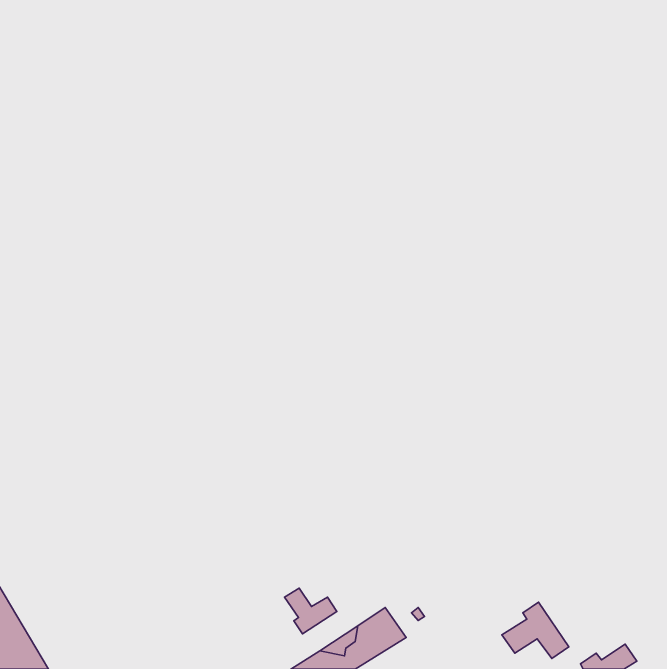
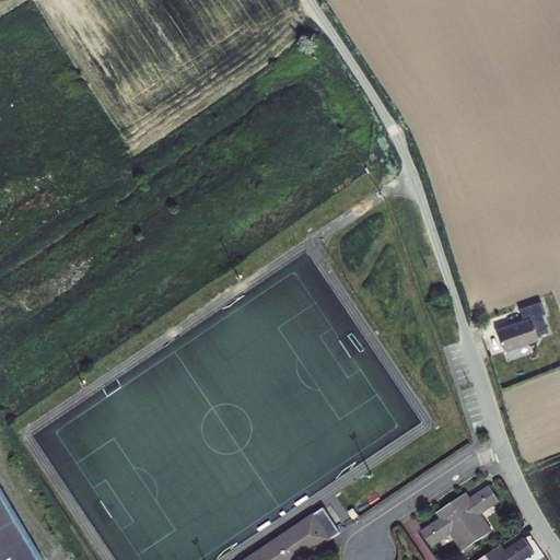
building: none -> [495,300,548,350]
building: none -> [450,486,497,540]
building: [285,588,337,634] -> none

